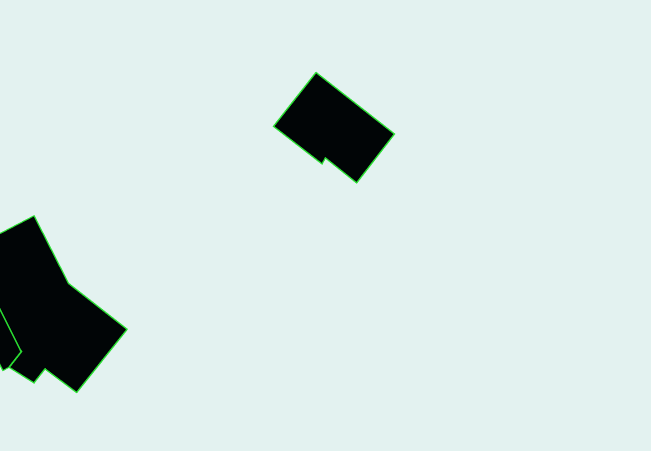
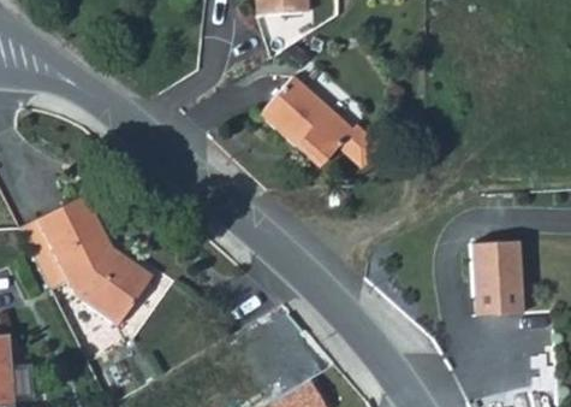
building: none -> [483,238,535,313]

